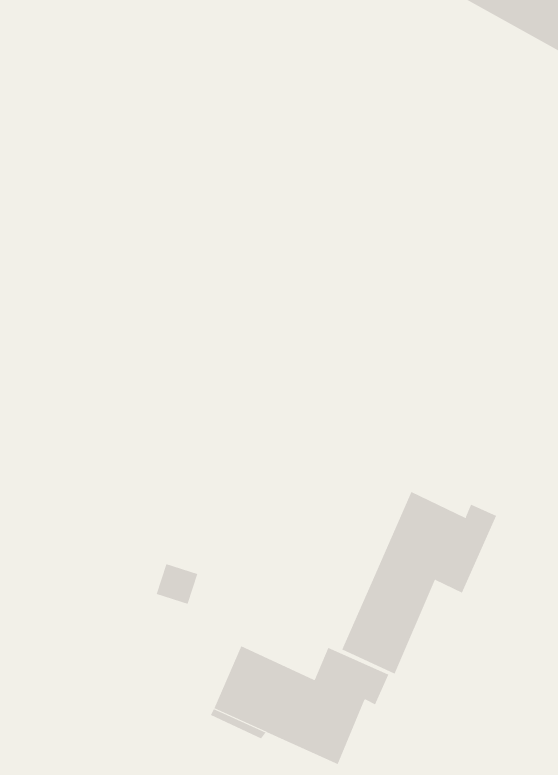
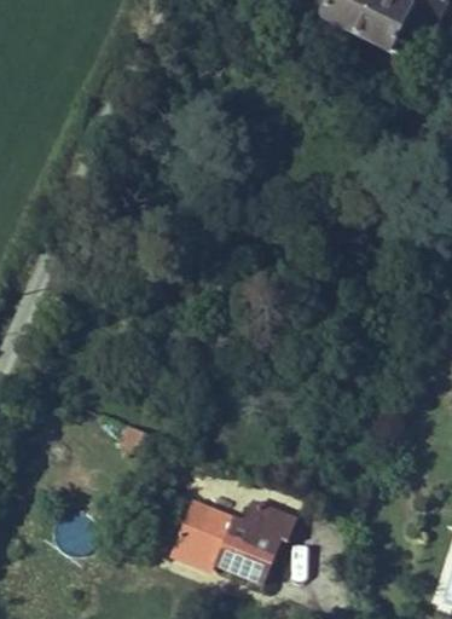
building: [341,491,497,675] -> none

